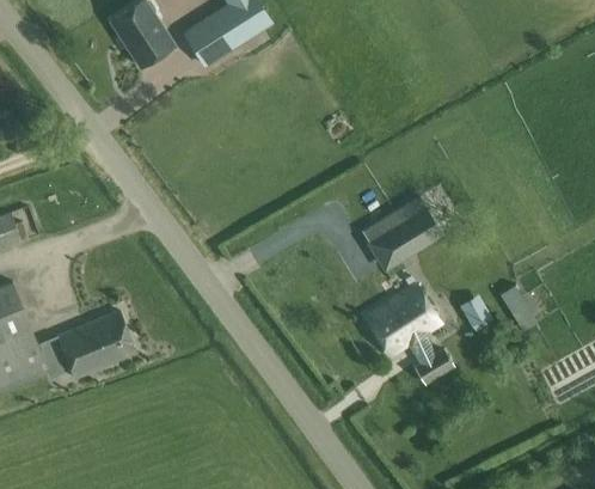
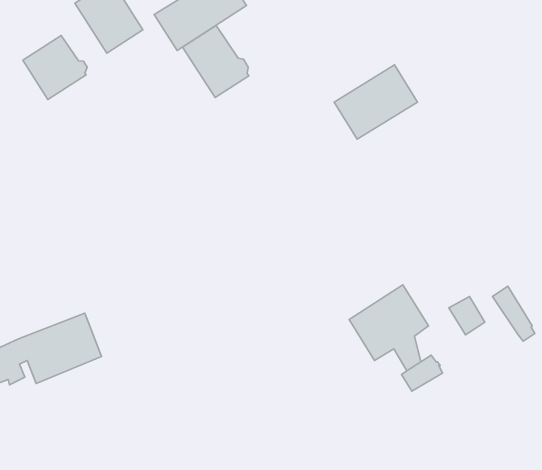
building: none -> [182,25,249,98]
building: none -> [23,36,87,99]
building: [363,198,441,268] -> [334,65,418,139]

